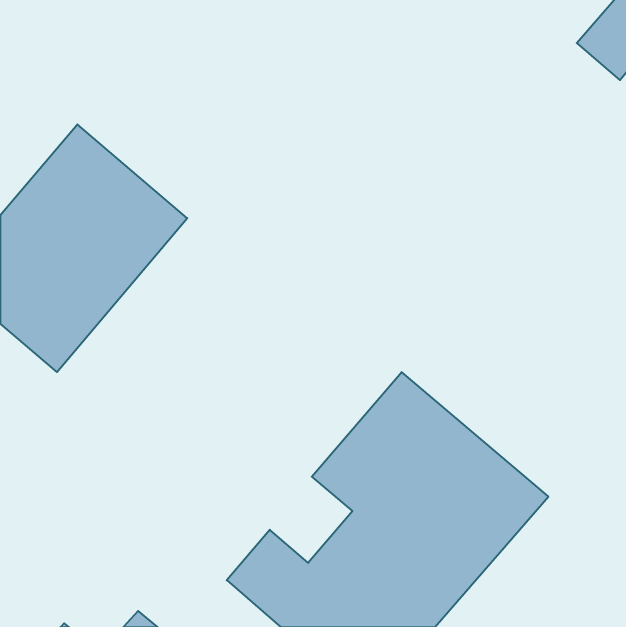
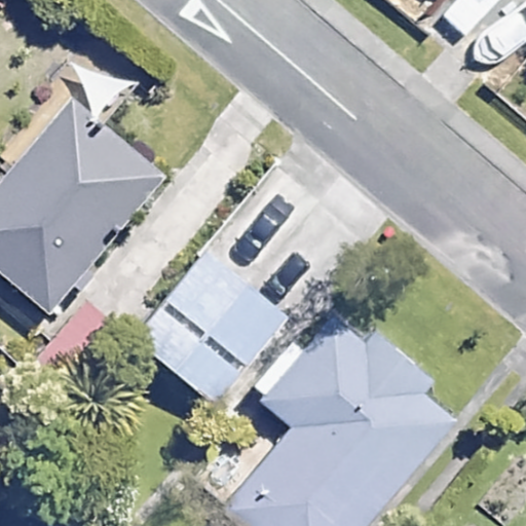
building: none -> [133,253,287,409]

